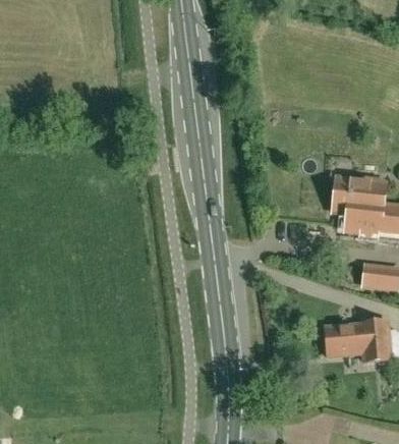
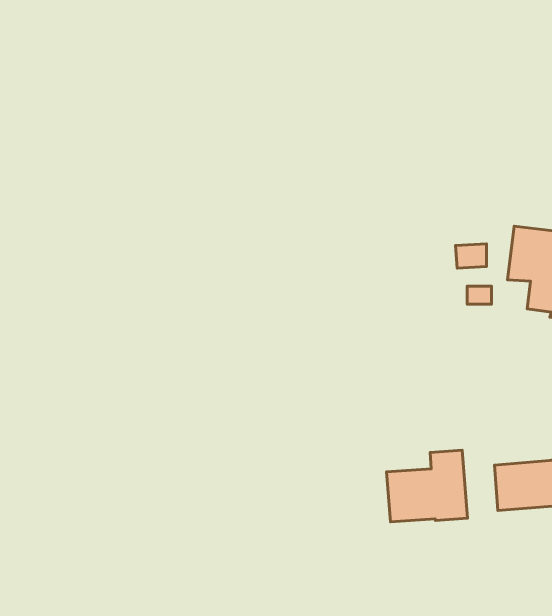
building: none -> [387,450,467,522]

